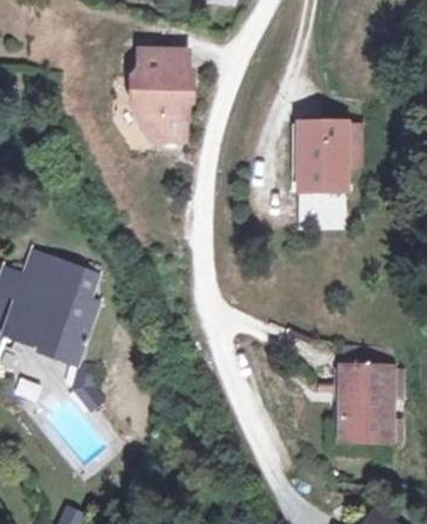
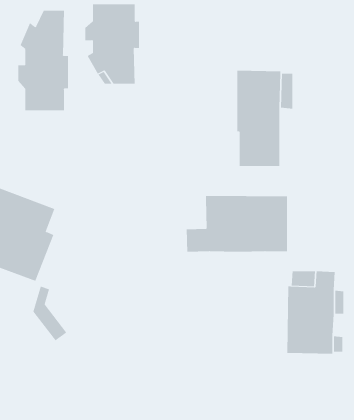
building: none -> [18,10,68,111]
building: none -> [186,195,288,253]

